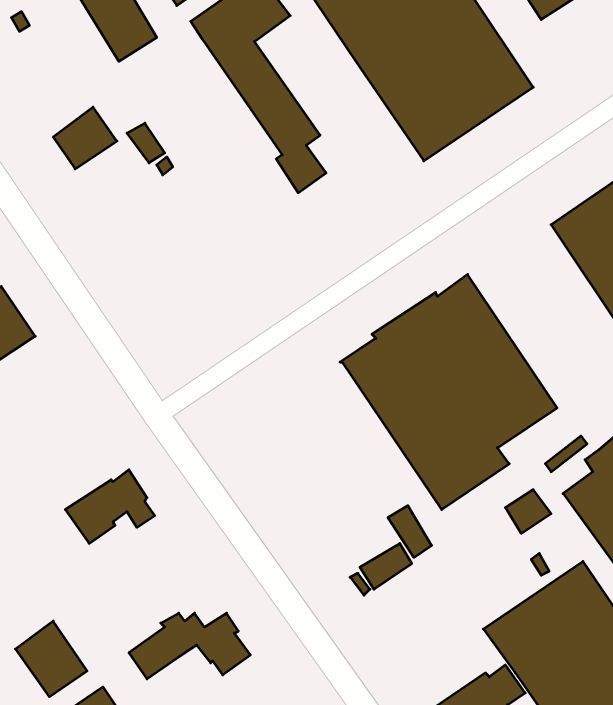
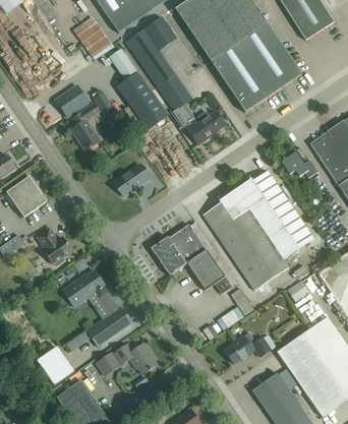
building: none -> [109,48,168,130]
building: none -> [71,103,100,150]
building: none -> [186,111,225,144]
building: none -> [282,152,317,178]
building: none -> [115,164,149,196]
building: none -> [151,222,237,293]
building: none -> [38,229,72,265]
building: none -> [86,293,131,347]
building: none -> [224,331,271,364]

